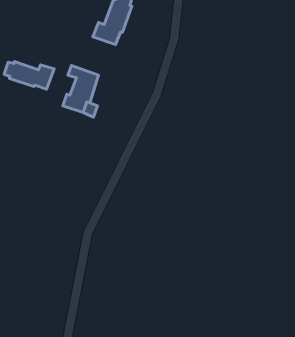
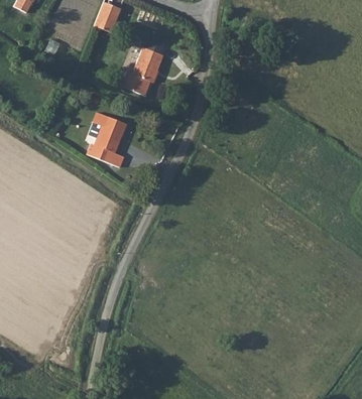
building: [4,62,54,89] -> none

